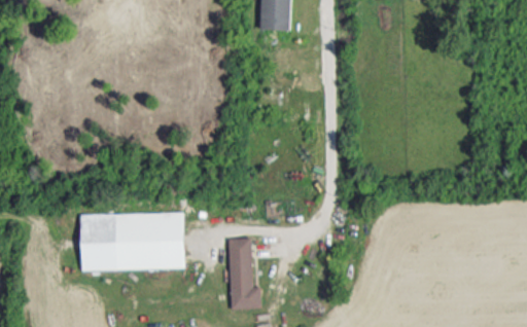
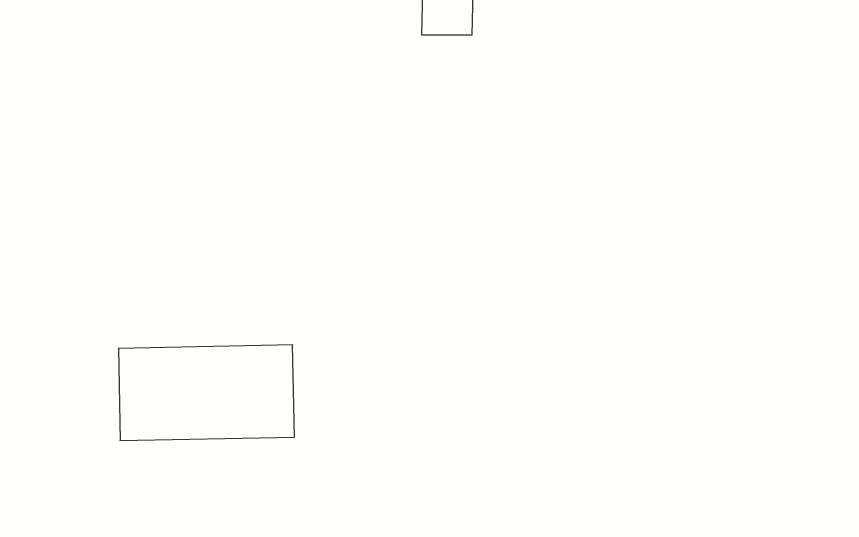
building: [229,238,261,308] -> none

